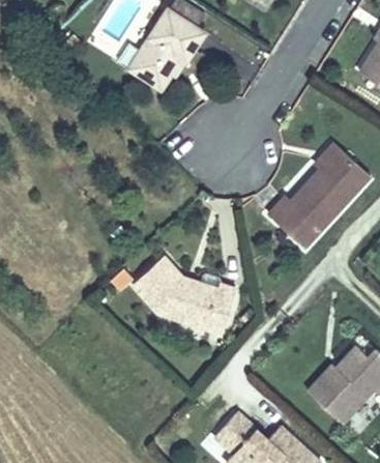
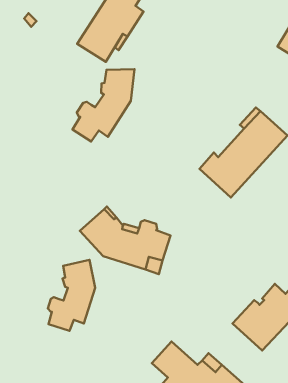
building: none -> [73,69,135,141]
building: none -> [48,260,95,331]

